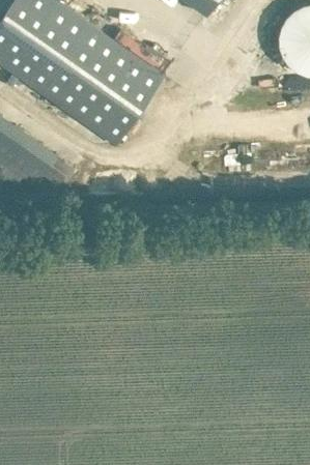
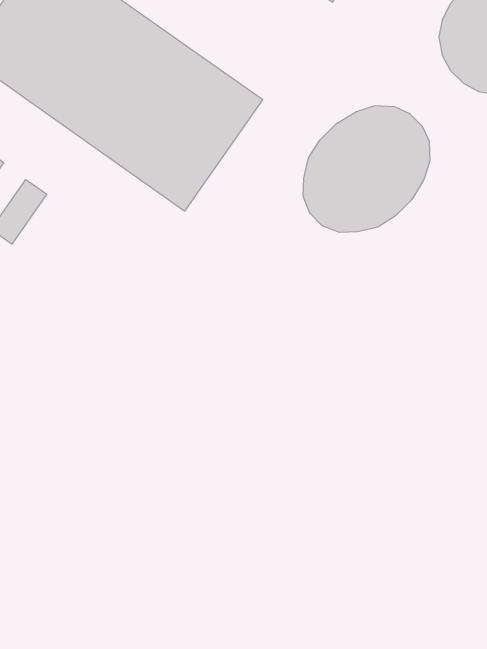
building: none -> [303,106,430,232]

